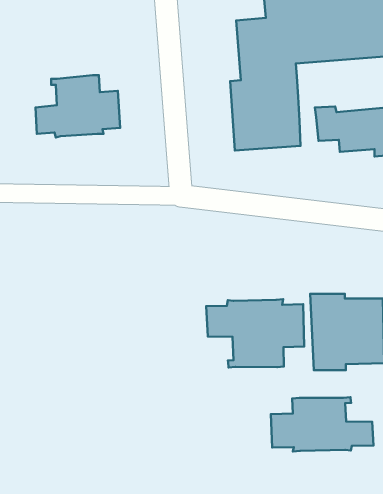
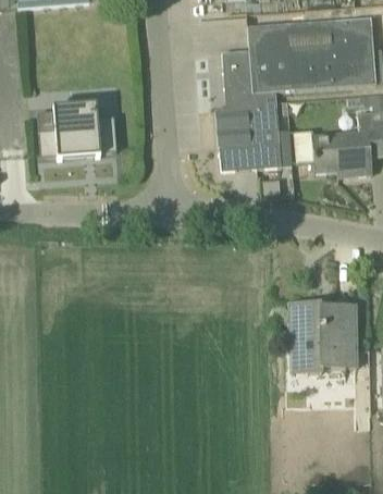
building: [206,299,304,367] -> none
building: [271,397,374,451] -> none

